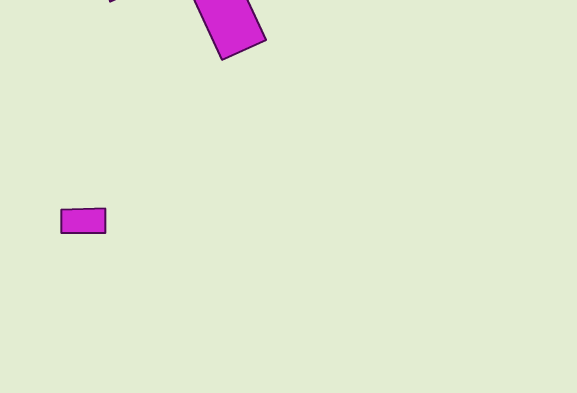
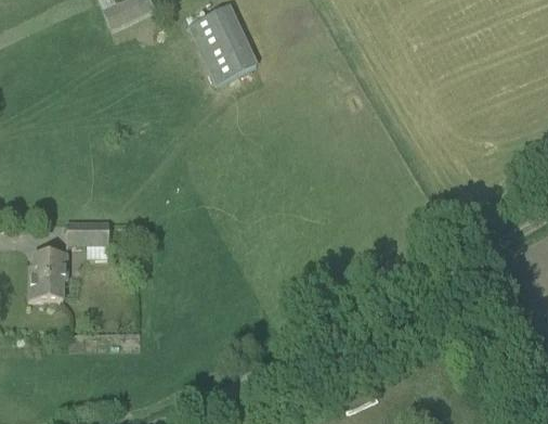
building: none -> [29,253,68,300]

